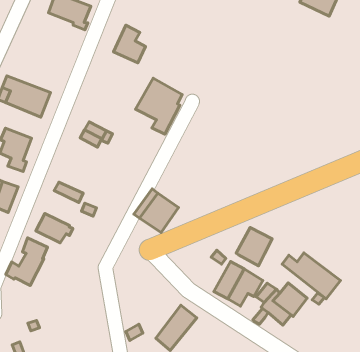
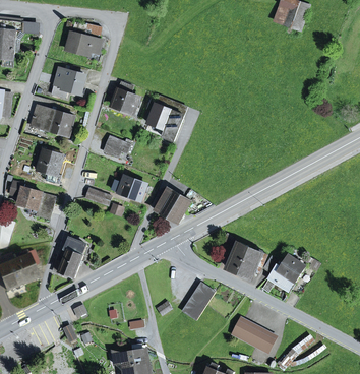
building: [113,25,146,63] -> [112,81,138,112]
building: none -> [51,68,84,98]
building: [36,213,73,243] -> [118,176,148,199]
building: [236,228,272,266] -> none
building: [282,253,340,299] -> none

